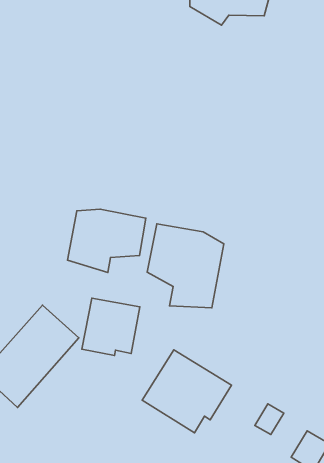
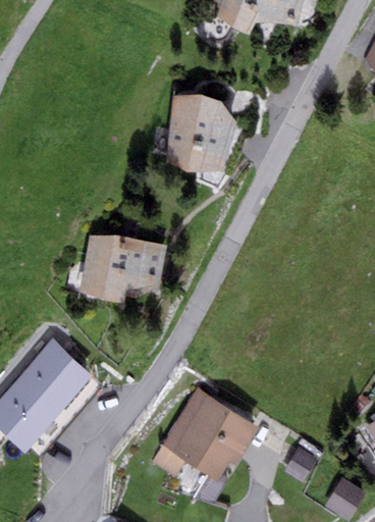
building: none -> [164,95,235,171]
building: [147,224,224,308] -> none
building: [82,298,140,355] -> none

